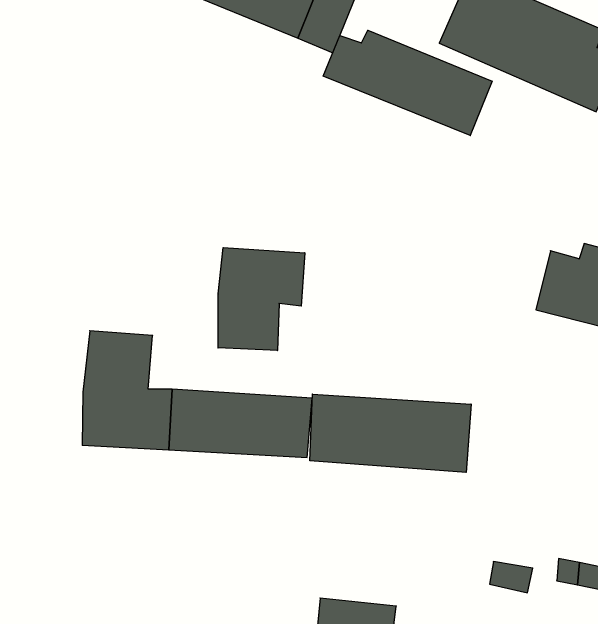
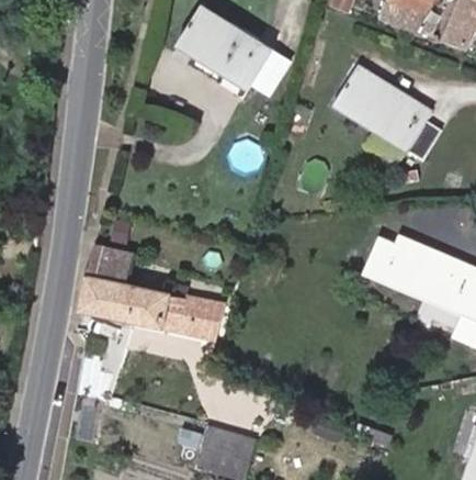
building: [323,30,492,136] -> none
building: [218,248,305,351] -> none
building: [310,394,471,472] -> none

